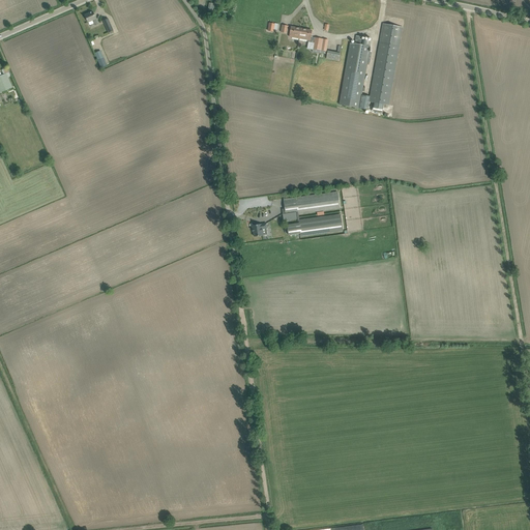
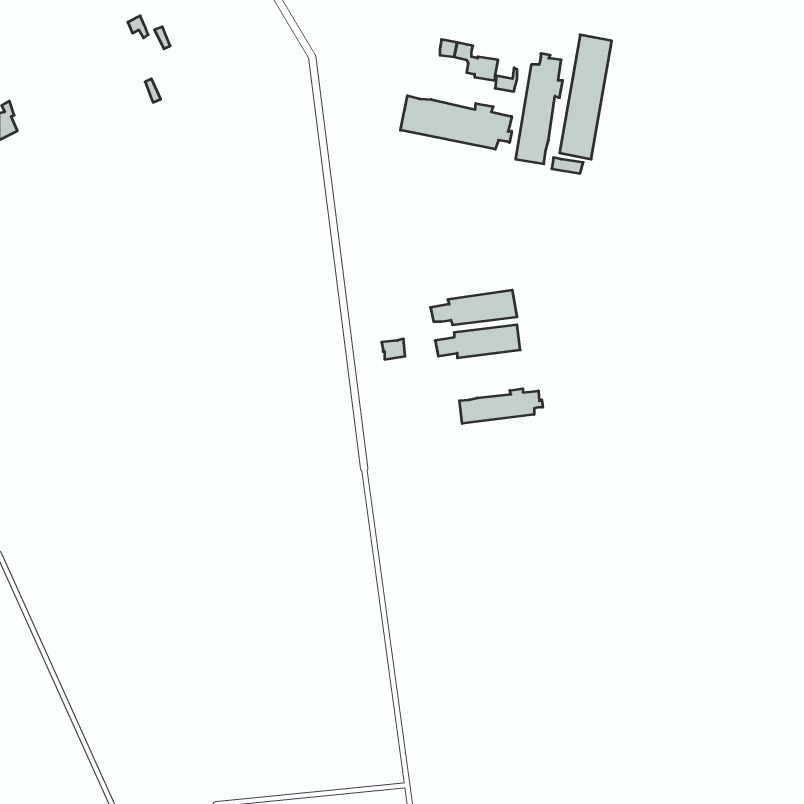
building: none -> [400,96,512,149]
building: none -> [459,389,543,424]

